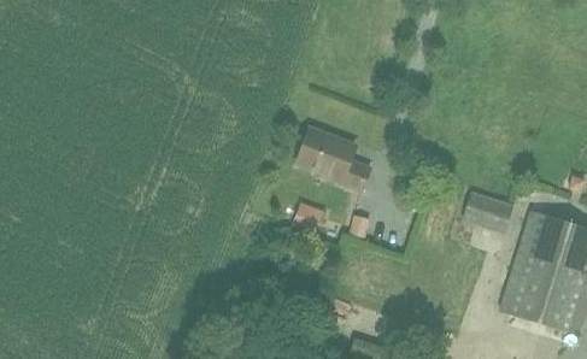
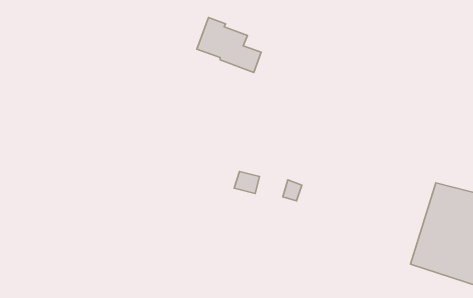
building: [297,125,370,188] -> [197,17,261,72]
building: [466,200,516,239] -> none

